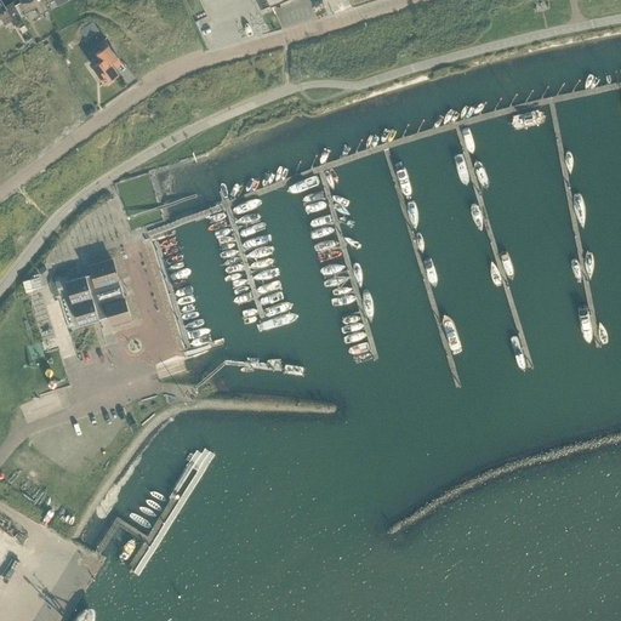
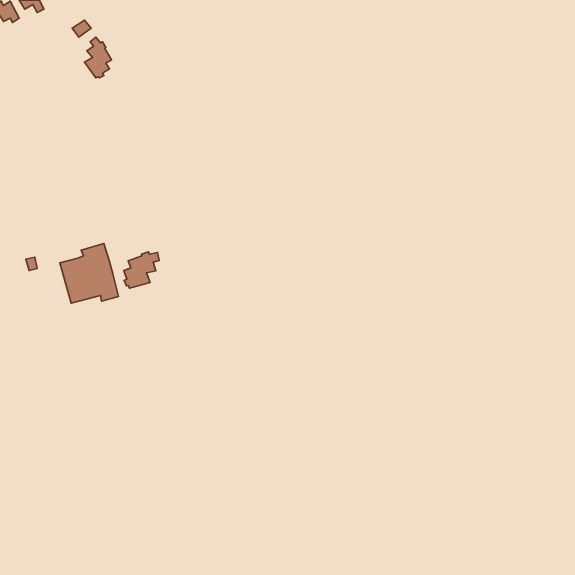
building: none -> [124,252,159,288]

